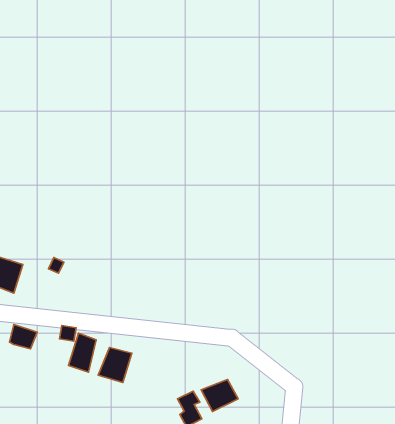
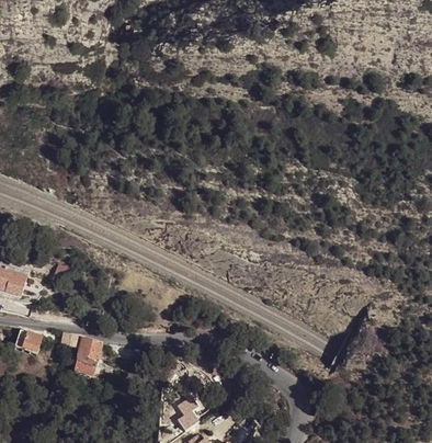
building: [98,347,132,382] -> none
building: [201,380,238,412] -> none

